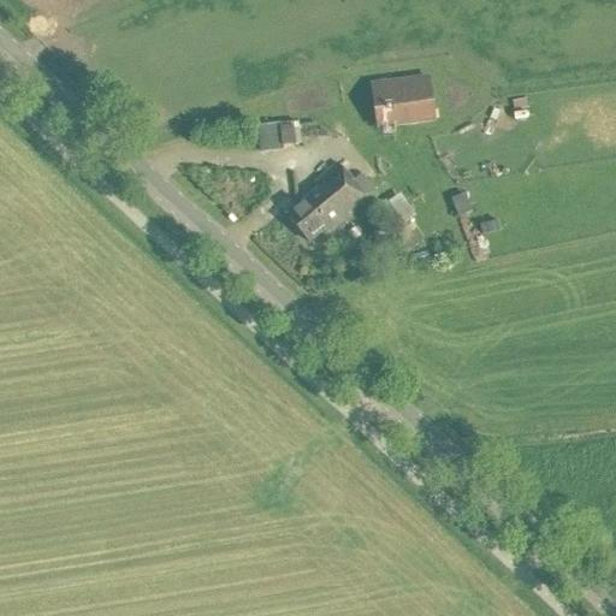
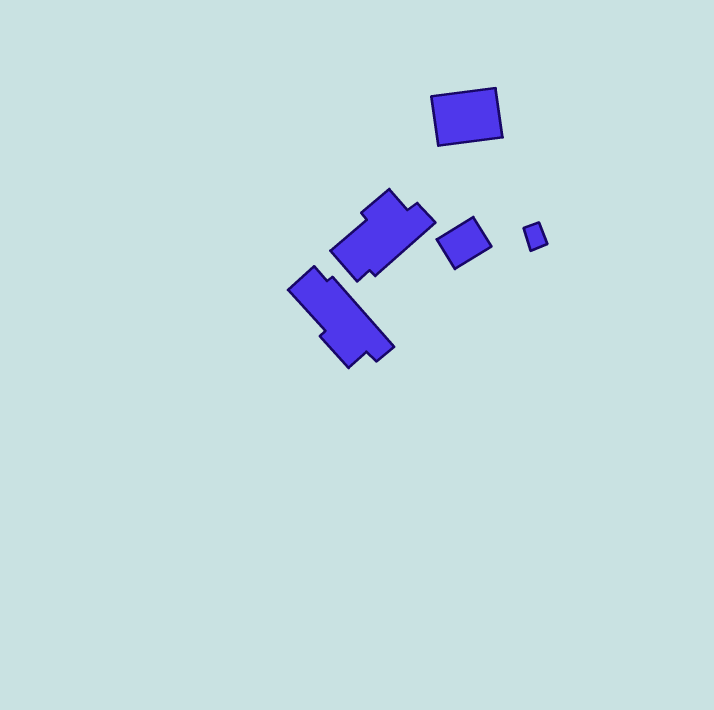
building: [265,119,300,142] -> none
building: none -> [288,266,394,368]

